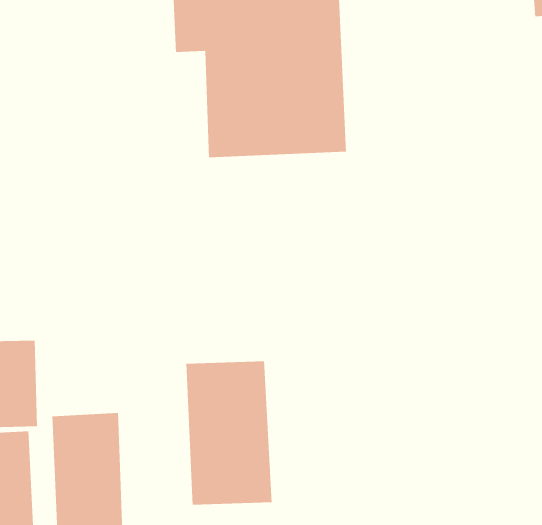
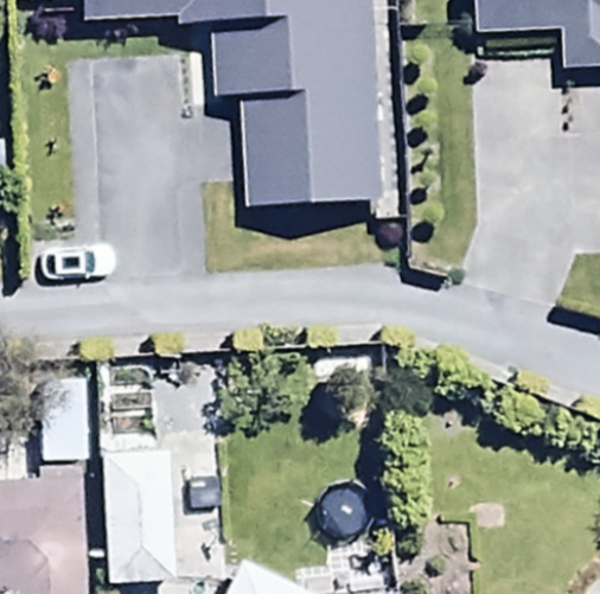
building: [185,360,273,506] -> none

